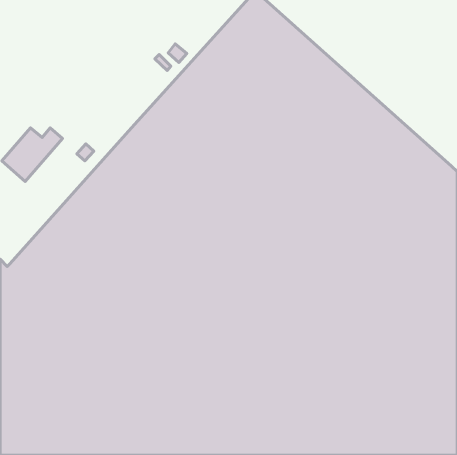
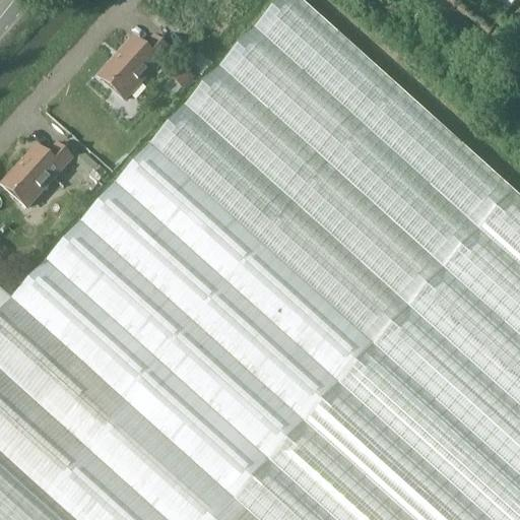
building: none -> [101,38,170,98]

